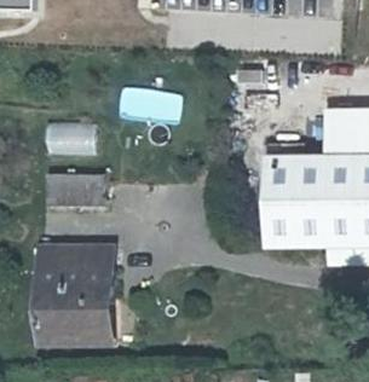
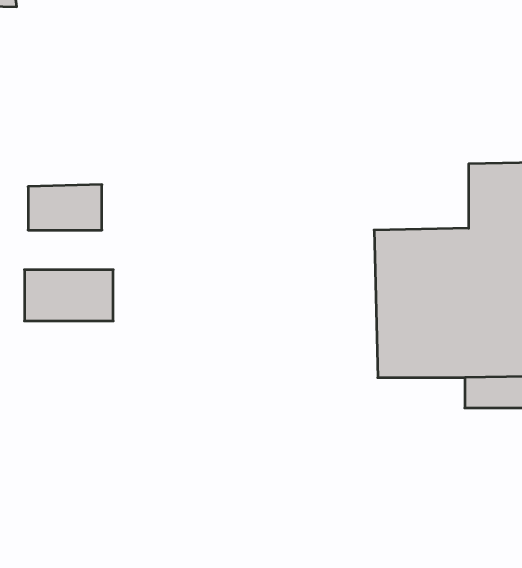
building: [34,244,110,349] -> none

